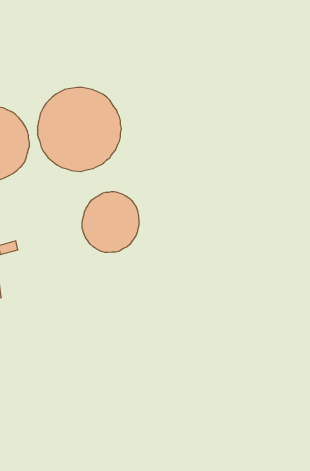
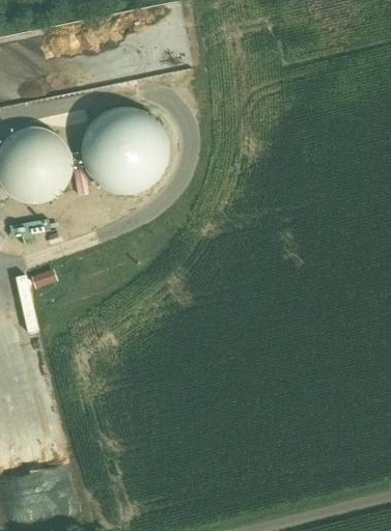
building: [82,192,139,252] -> none

